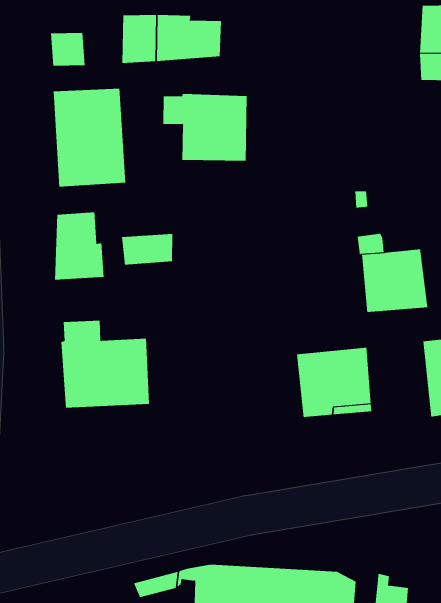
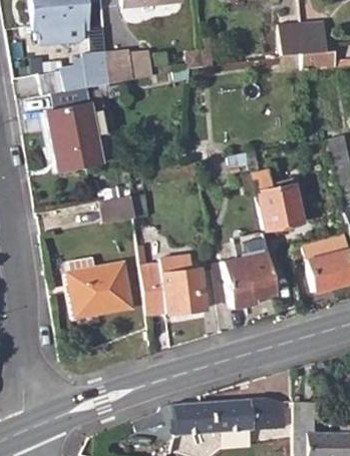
building: [163,93,247,162] -> none
building: [54,211,104,280] -> none
building: none -> [144,255,209,316]

